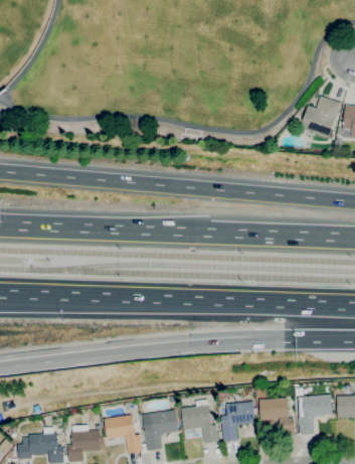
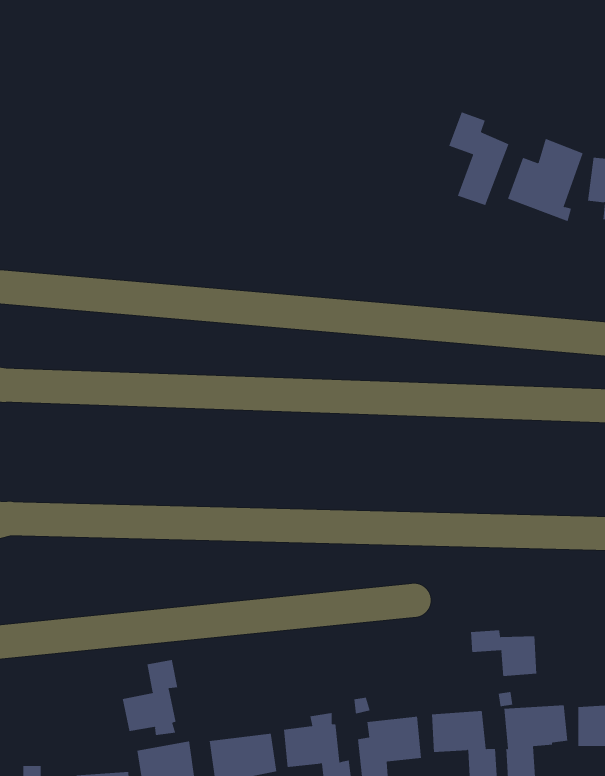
building: none -> [449,111,509,206]
building: none -> [471,629,537,677]
building: none -> [122,659,178,736]

